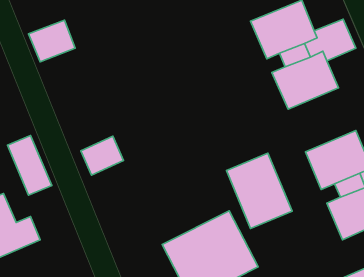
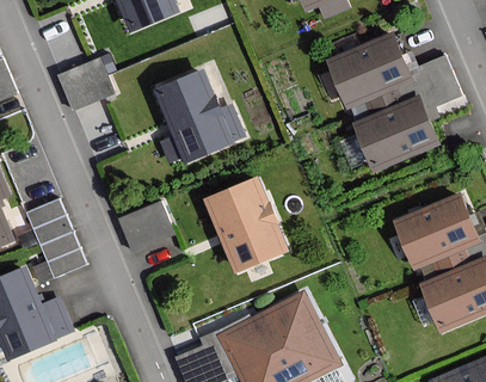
building: none -> [156,66,241,160]
building: [226,153,292,229] -> [204,178,285,271]

